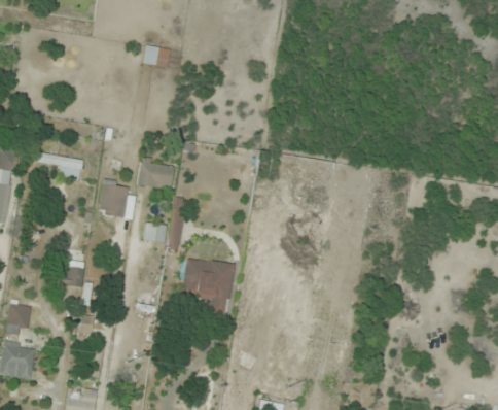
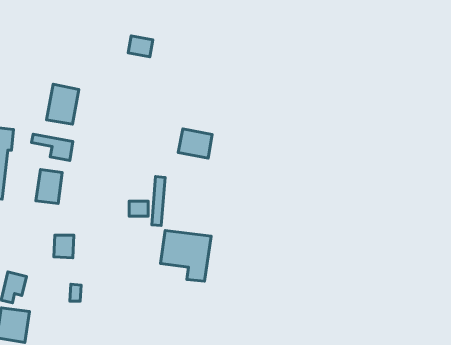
building: none -> [46,84,79,124]
building: [137,160,174,192] -> [178,129,212,158]
building: [99,180,128,217] -> [36,170,62,204]

